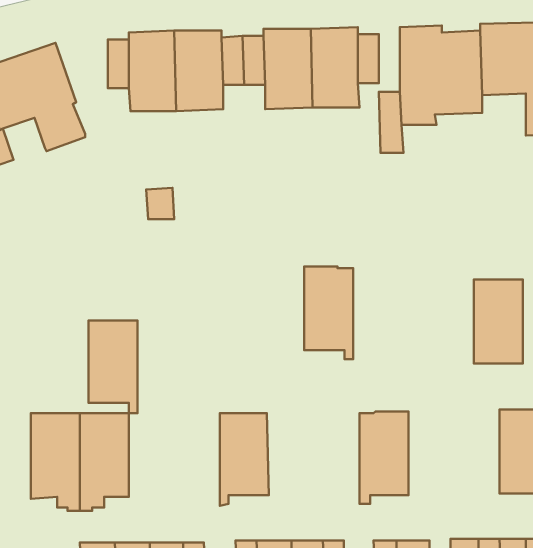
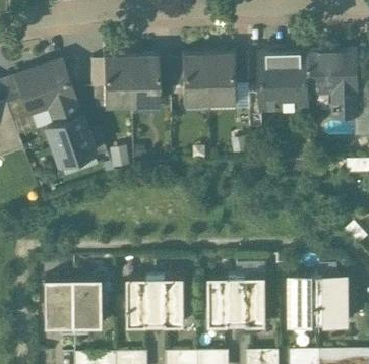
building: none -> [46,114,93,163]
building: [304,266,353,359] -> [208,277,237,330]
building: [474,280,523,363] -> [290,276,318,324]
building: [89,321,138,413] -> [127,278,156,331]

